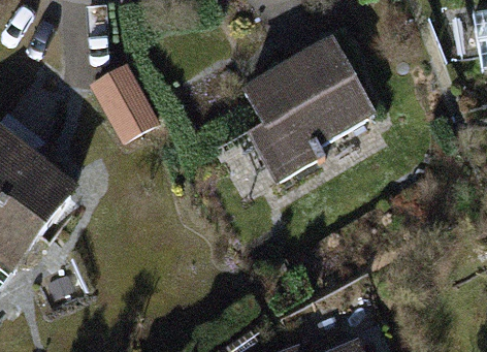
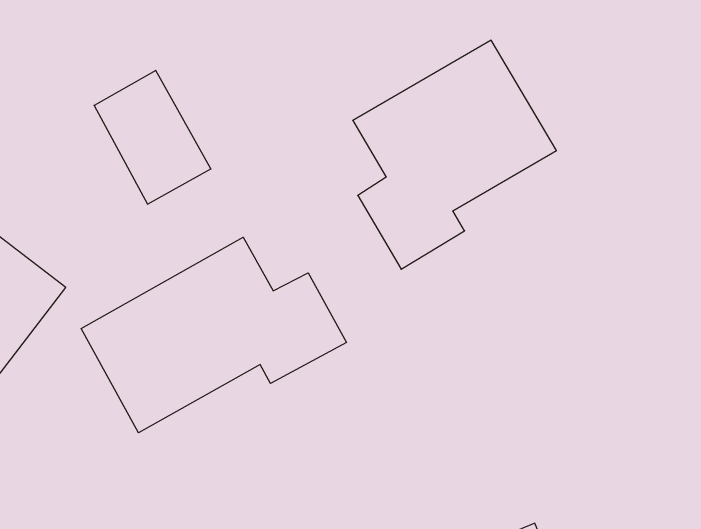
building: none -> [81,237,346,433]

